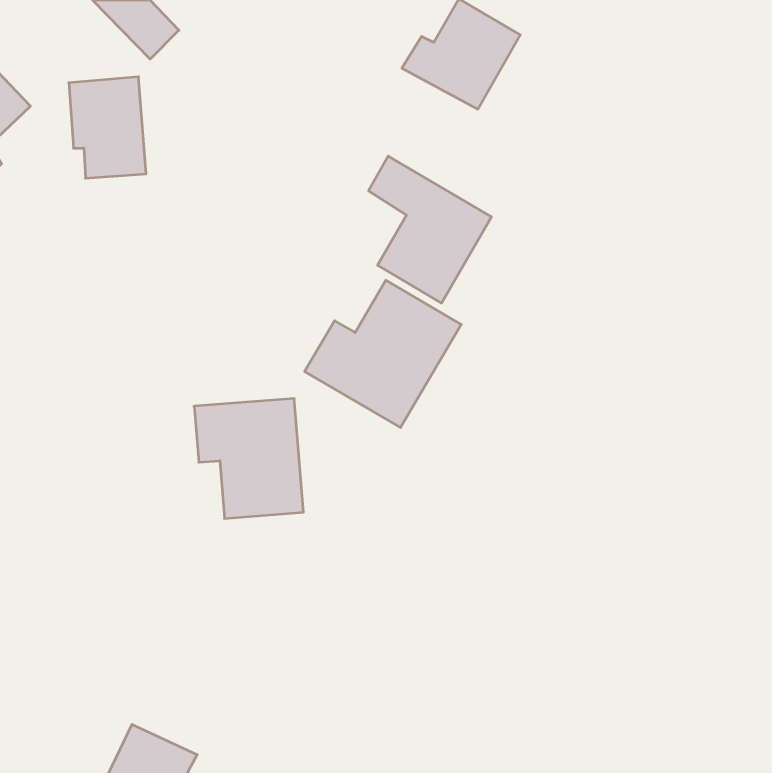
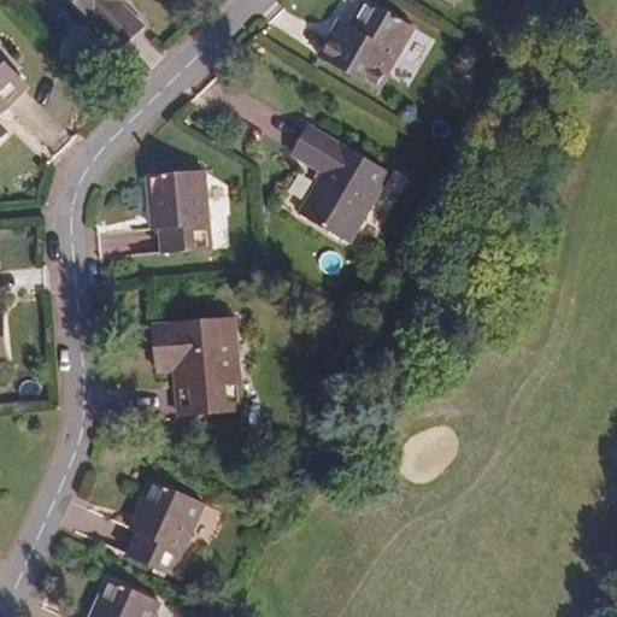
building: [69,77,146,178] -> [149,170,211,251]
building: [305,280,461,428] -> none
building: none -> [125,478,210,584]

